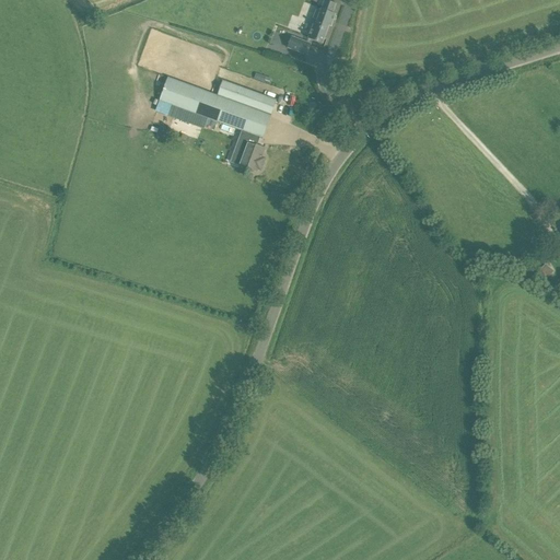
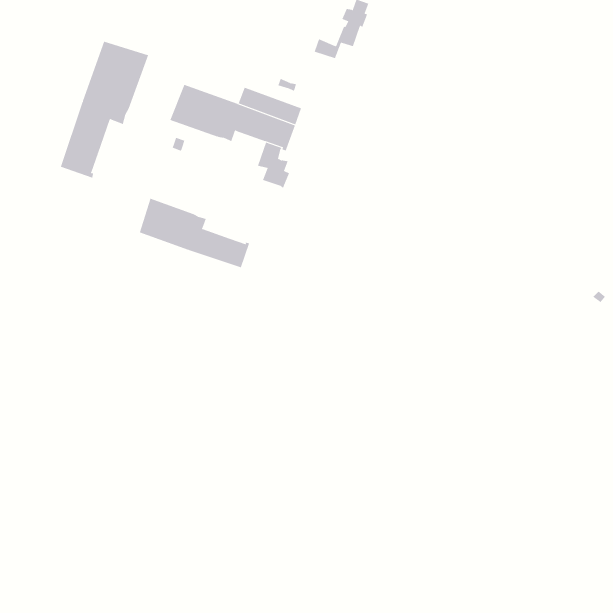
building: none -> [60,41,149,178]
building: none -> [139,198,250,268]

